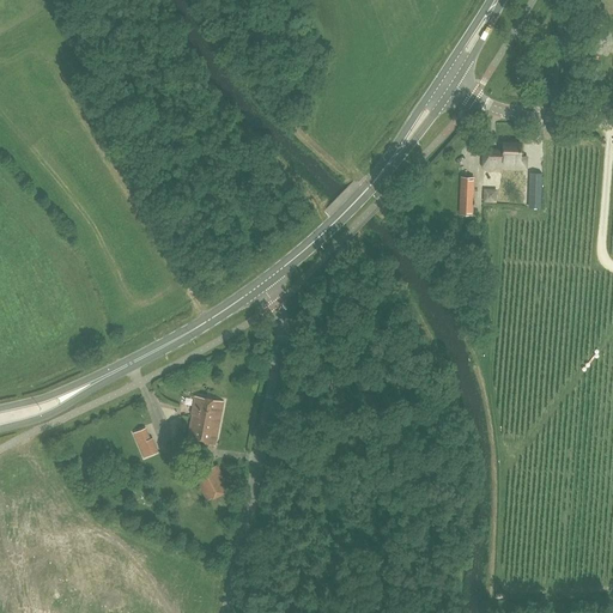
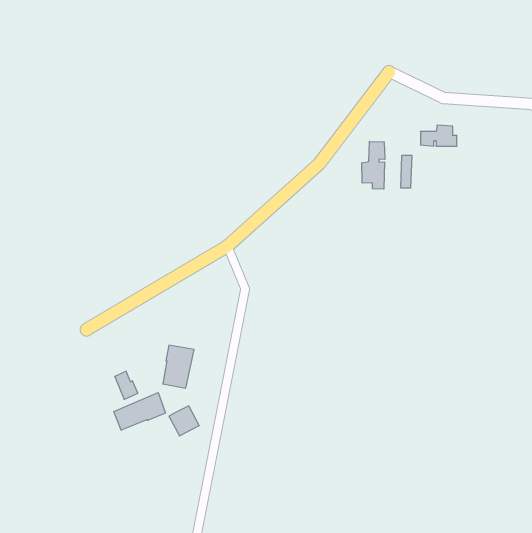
building: none -> [362,141,385,189]
building: none -> [114,393,166,430]

